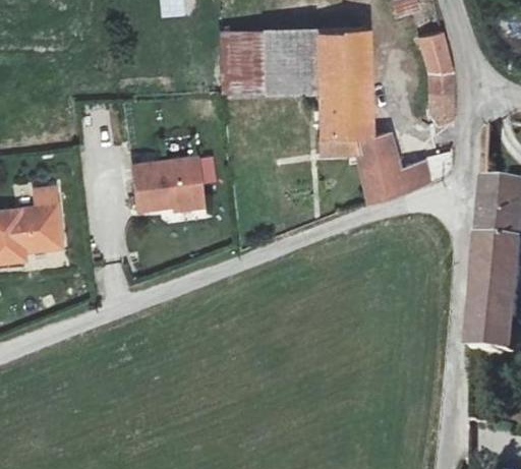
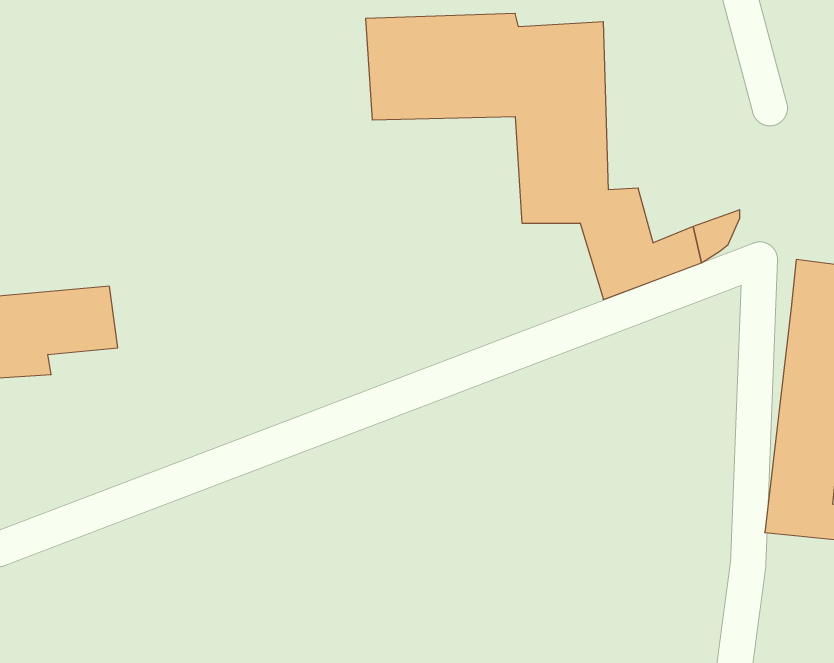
building: [421,35,452,122] -> none
building: [136,153,211,209] -> none

